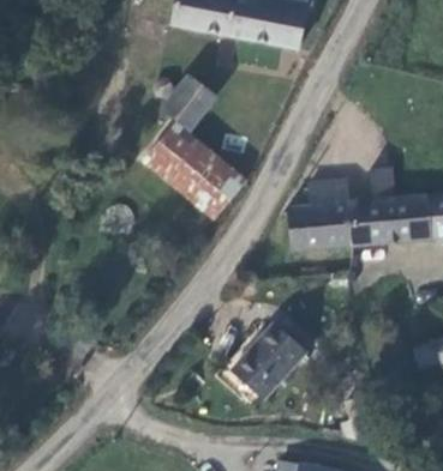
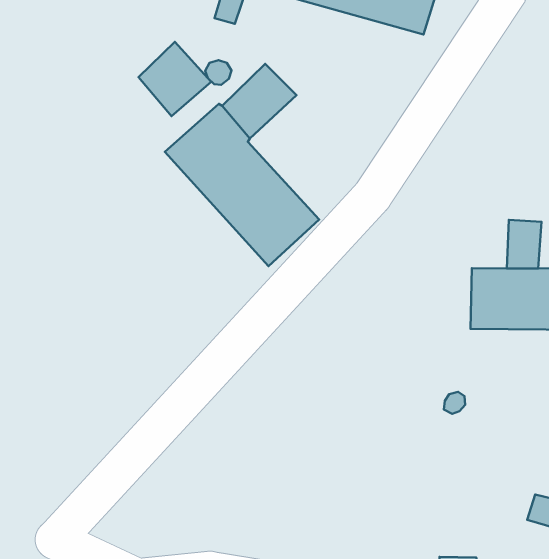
building: none -> [139,42,211,116]
building: [289,182,357,252] -> none
building: [244,319,316,392] -> none

